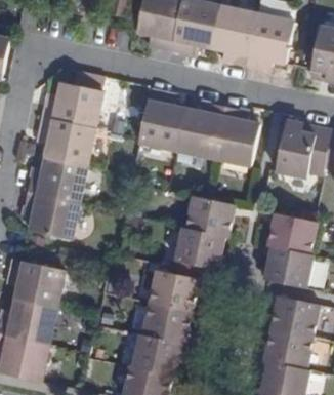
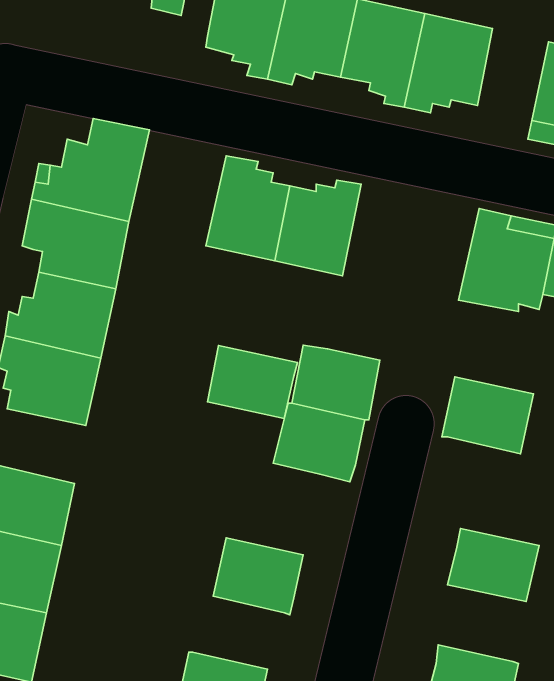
building: [212,107,259,165] -> none
building: [262,245,312,288] -> none
building: [149,270,198,310] -> [207,346,297,419]
building: [262,326,312,368] -> none
building: [130,331,180,373] -> none

